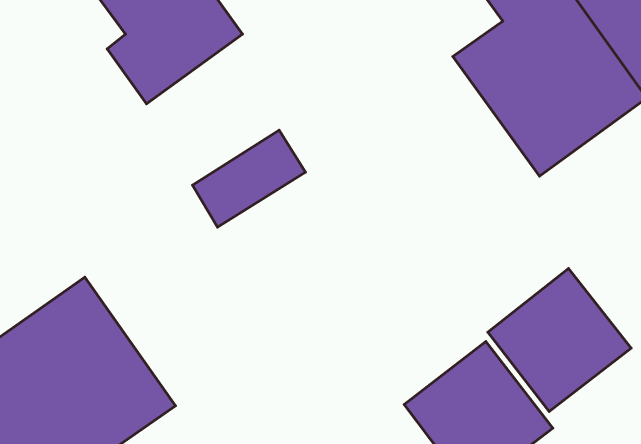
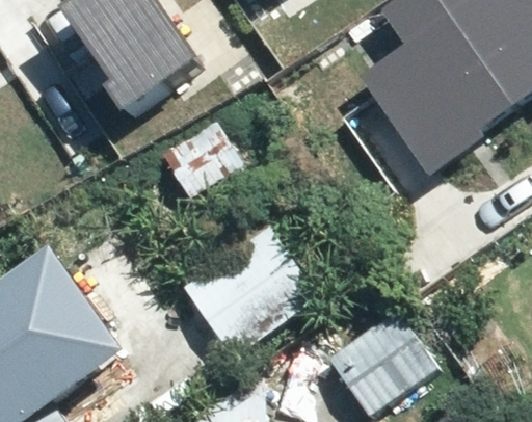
building: none -> [187,223,325,357]
building: [488,268,631,412] -> none

